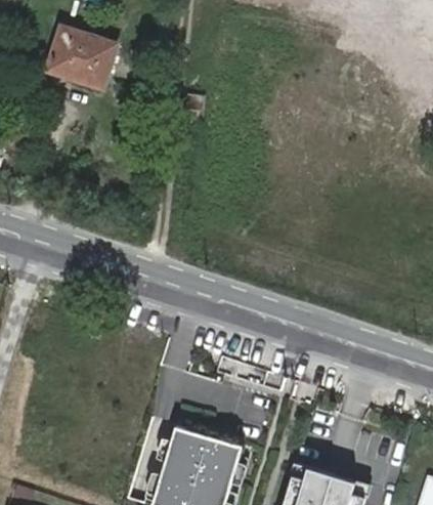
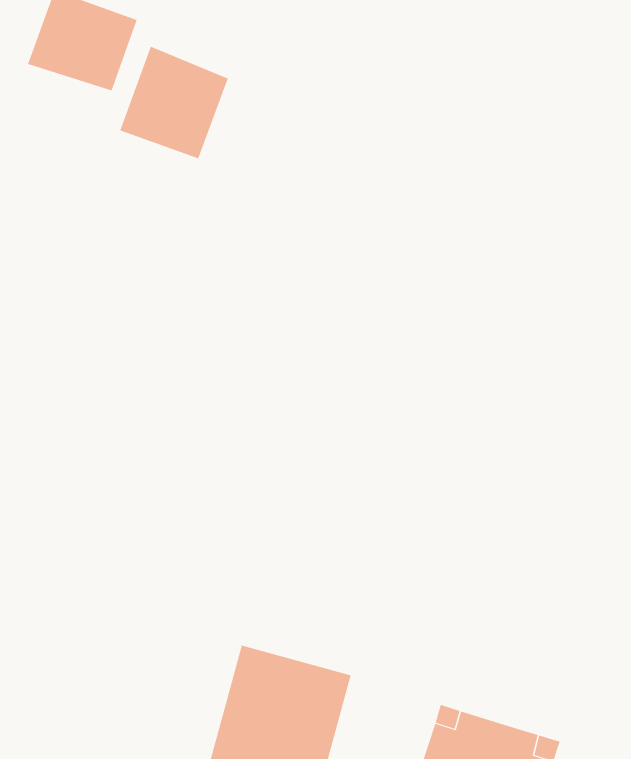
building: none -> [120,46,228,159]

